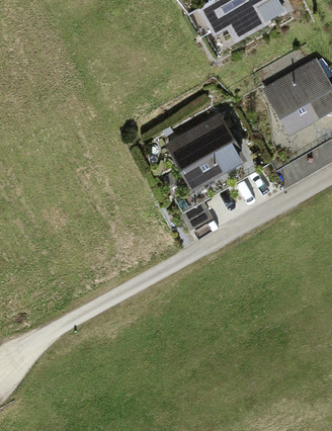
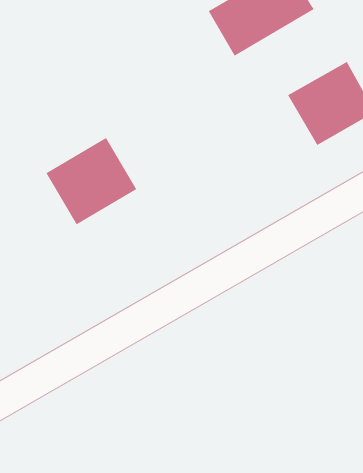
building: [164,112,246,191] -> [45,137,137,225]

